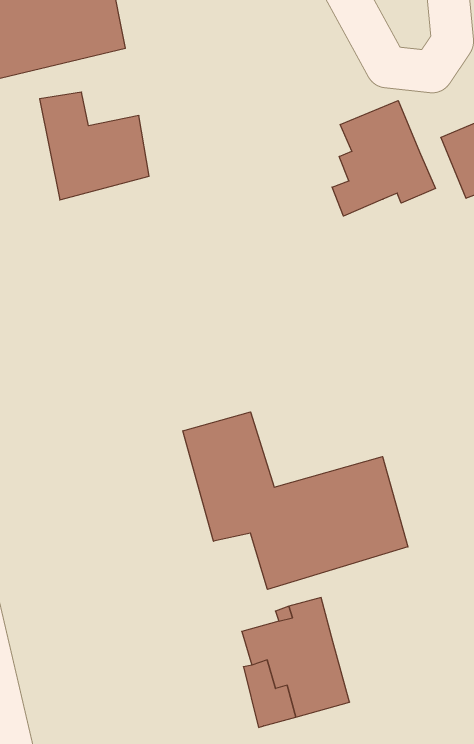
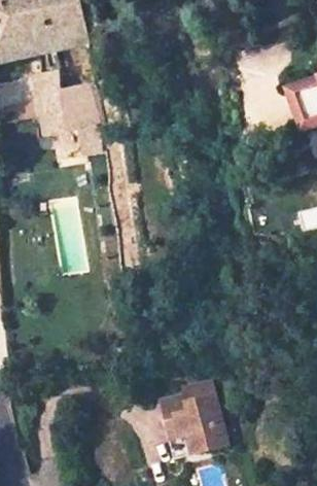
building: [332,101,435,216] -> none
building: [183,412,408,589] -> none

